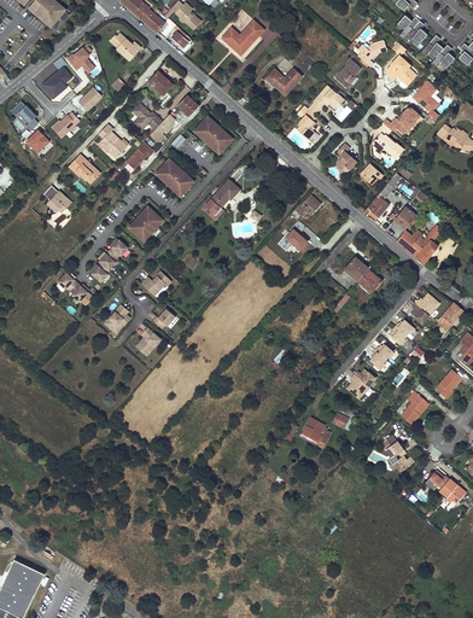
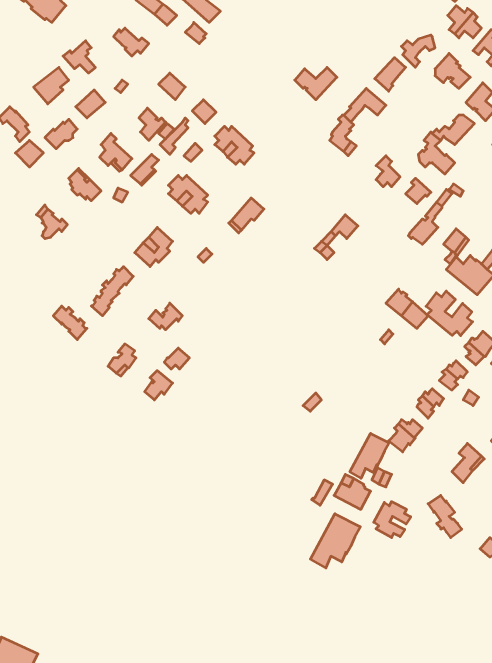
building: [221,21,263,56] -> none
building: none -> [426,291,473,336]
building: none -> [350,433,389,478]
building: none -> [374,502,411,538]
building: none -> [310,514,360,568]

